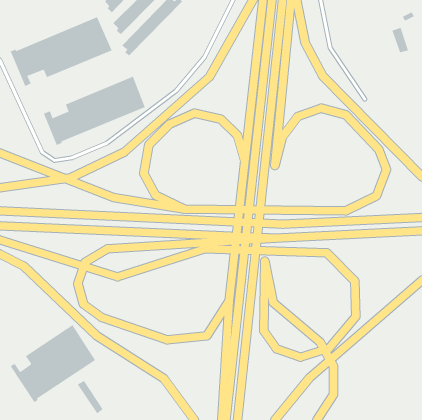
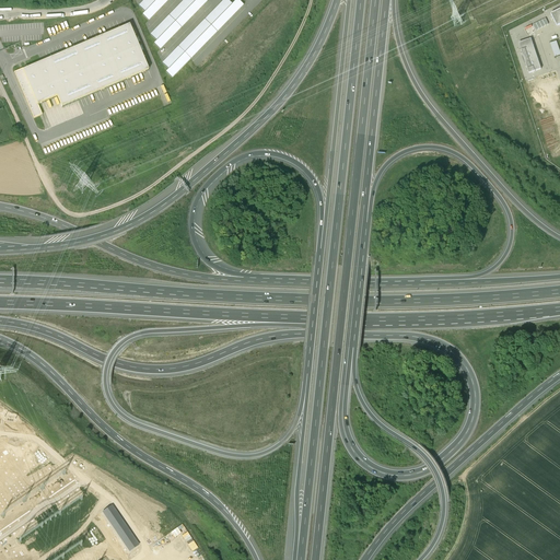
building: [43,76,146,146] -> none
building: [10,324,96,403] -> none

